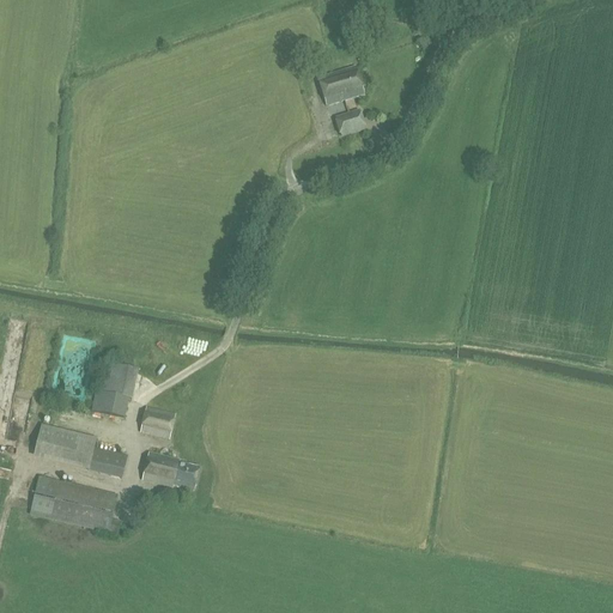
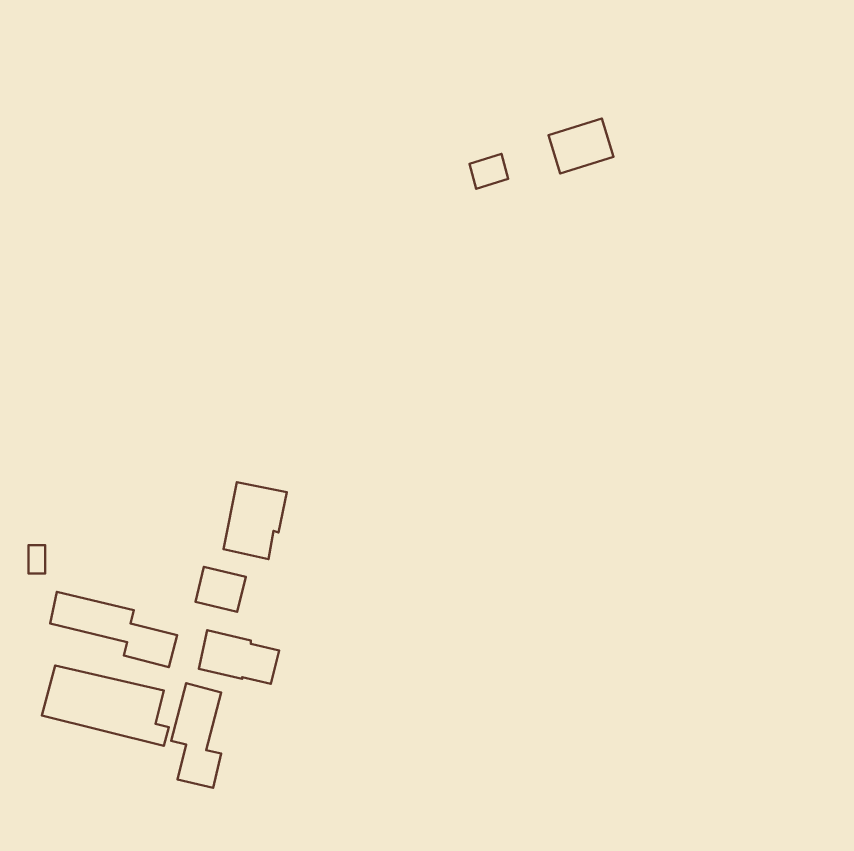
building: [317,65,364,104] -> [548,118,614,174]
building: [92,362,138,417] -> [223,482,287,559]
building: none -> [171,683,221,788]

